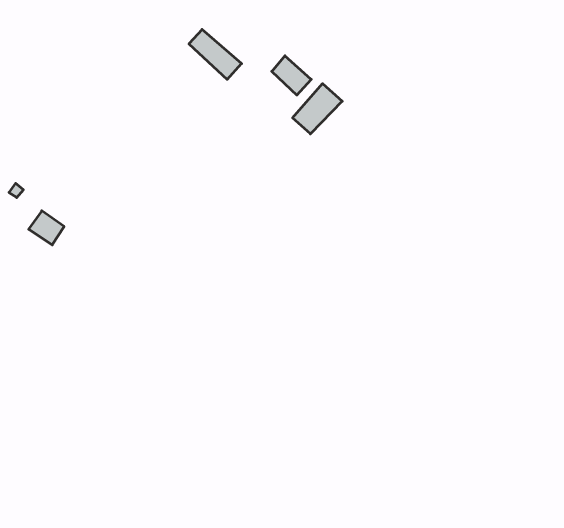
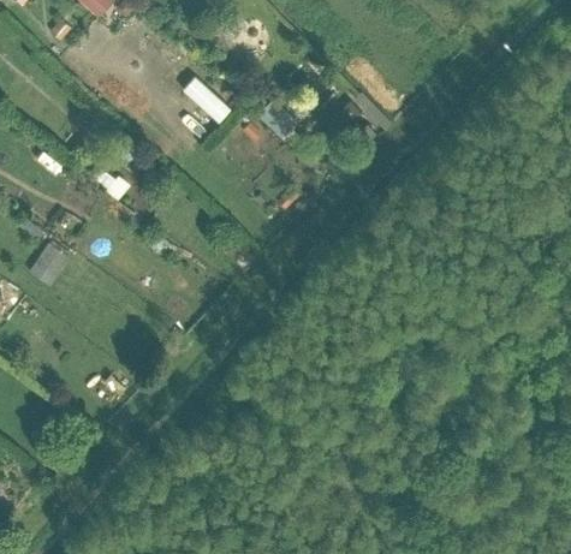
building: [293,84,342,134] -> none

